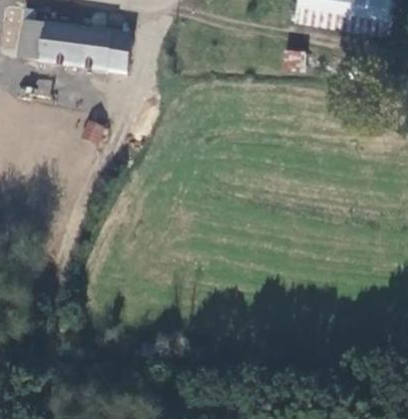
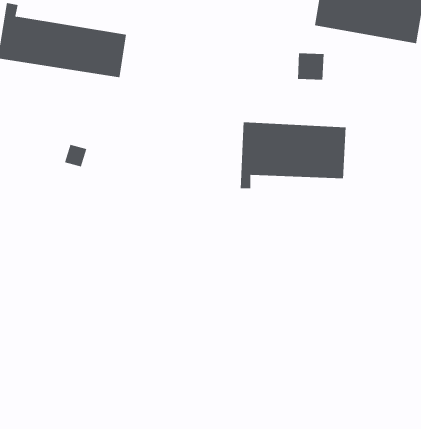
building: none -> [240,121,346,189]

